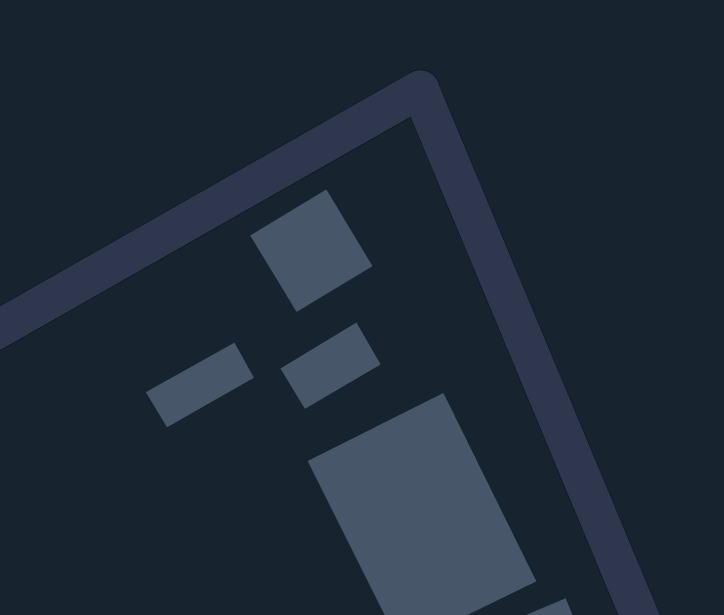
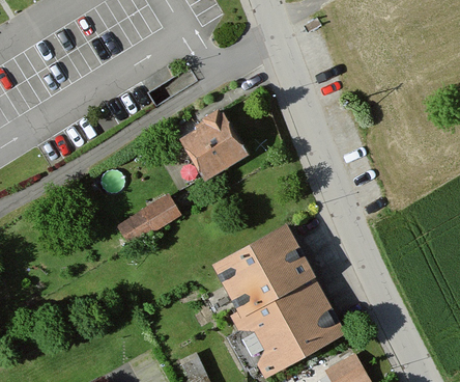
building: [279,321,381,410] -> none

